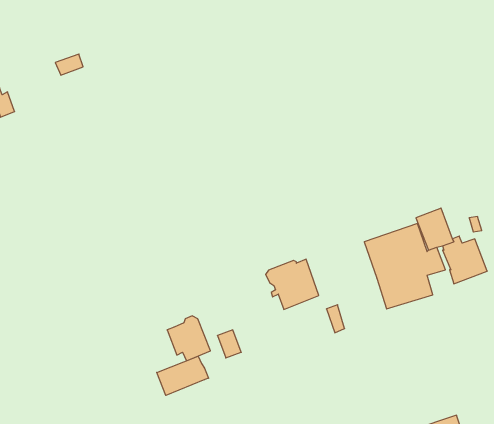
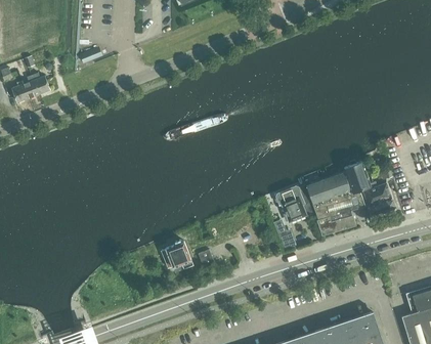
building: [266,259,319,309] -> [276,185,315,222]
building: [157,356,209,395] -> none

